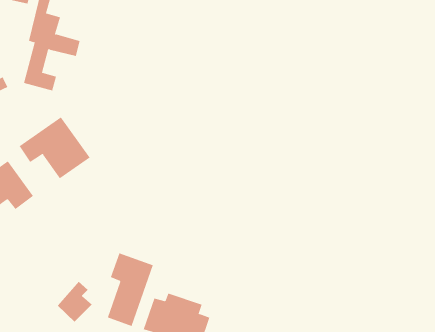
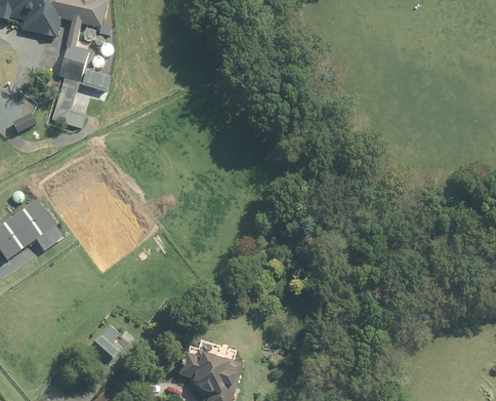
building: [19,116,90,179] -> none
building: [107,253,153,327] -> none

